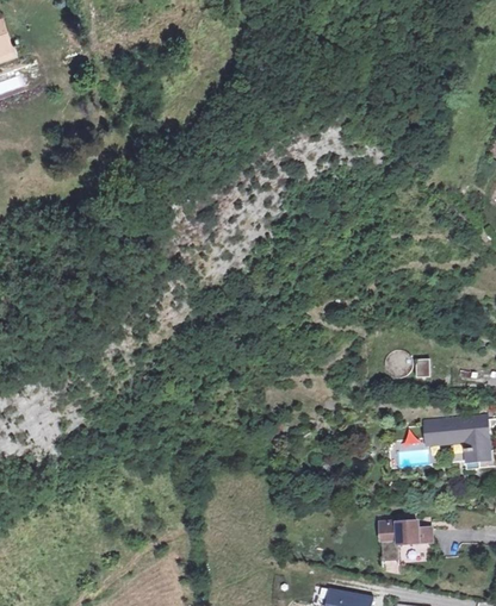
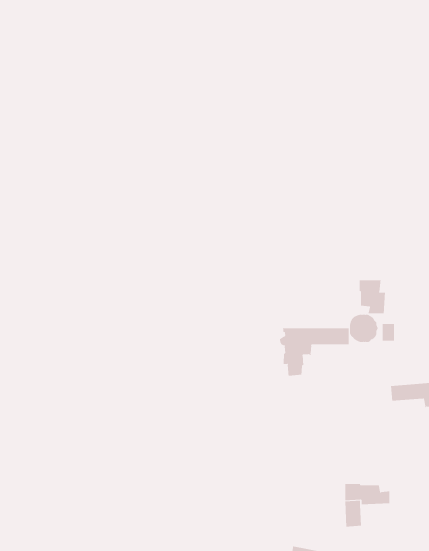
building: none -> [359,279,386,314]
building: none -> [279,328,349,376]

